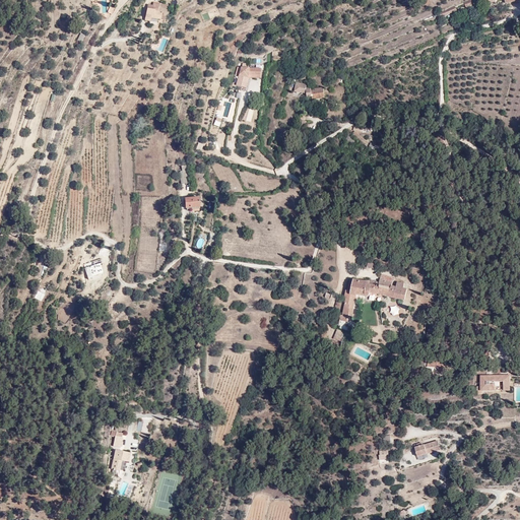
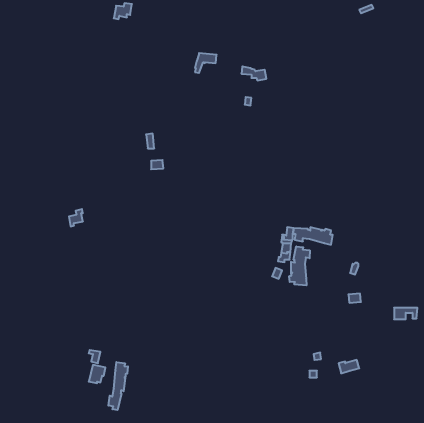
building: none -> [289,246,310,285]
building: none -> [108,362,128,410]

